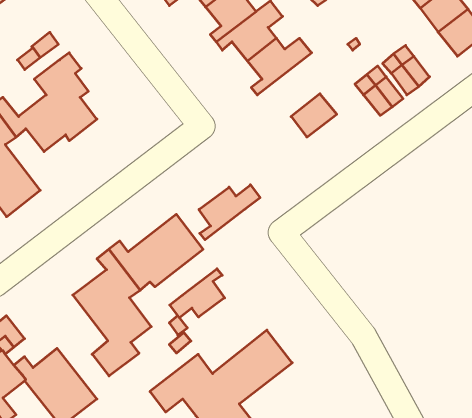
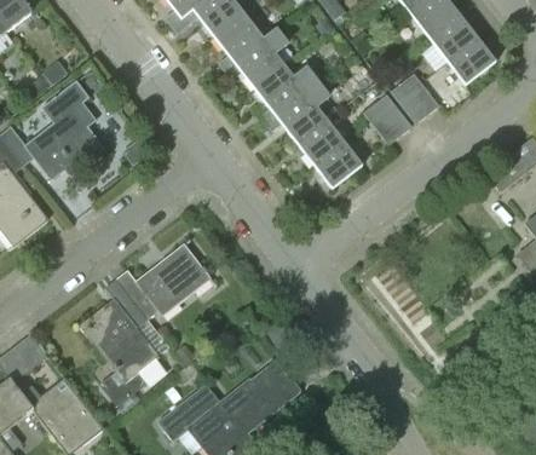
building: none -> [265,80,332,144]
building: none -> [315,142,362,188]
building: [199,185,260,240] -> none
building: [170,269,225,318] -> none

